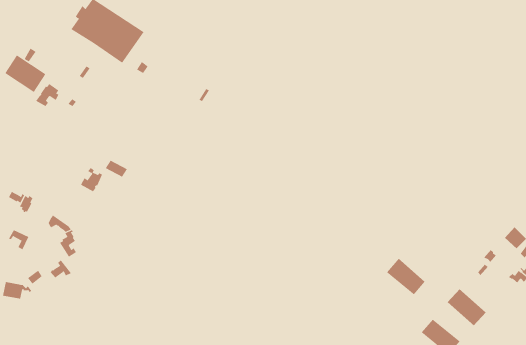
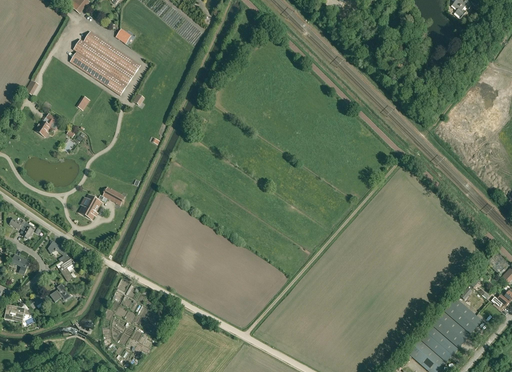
building: [4,54,46,93] -> none
building: [386,258,426,295] -> [419,326,457,362]
building: none -> [445,299,483,334]

